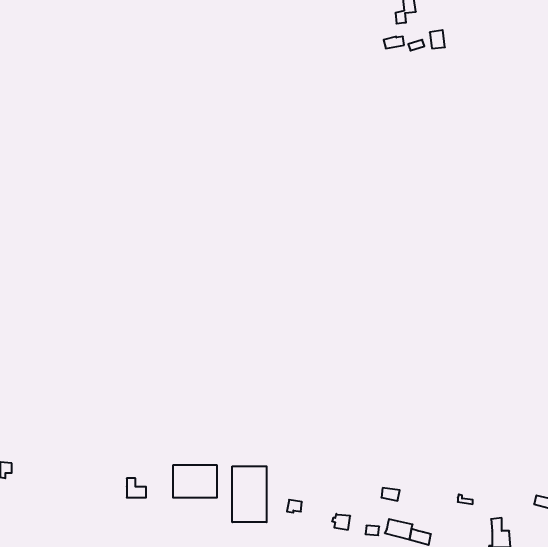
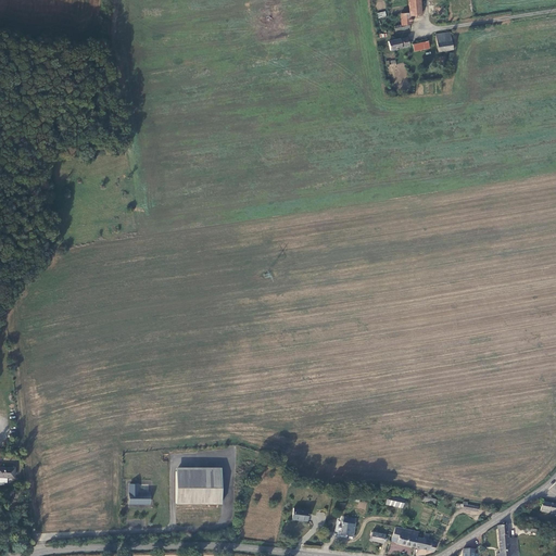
building: [232,466,267,522] -> none

